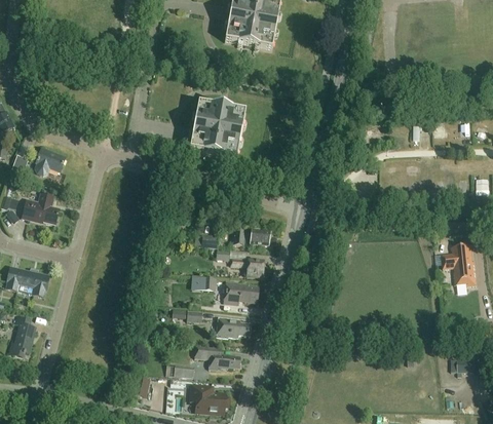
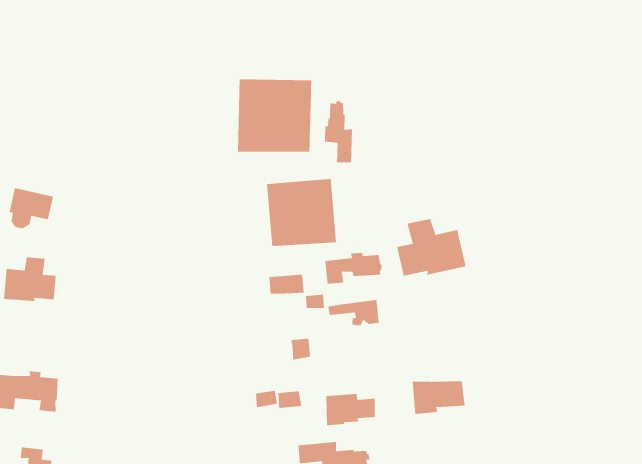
building: none -> [325,100,352,163]
building: none -> [266,178,337,247]
building: none -> [397,218,466,277]
building: [223,281,258,304] -> [412,381,465,415]

